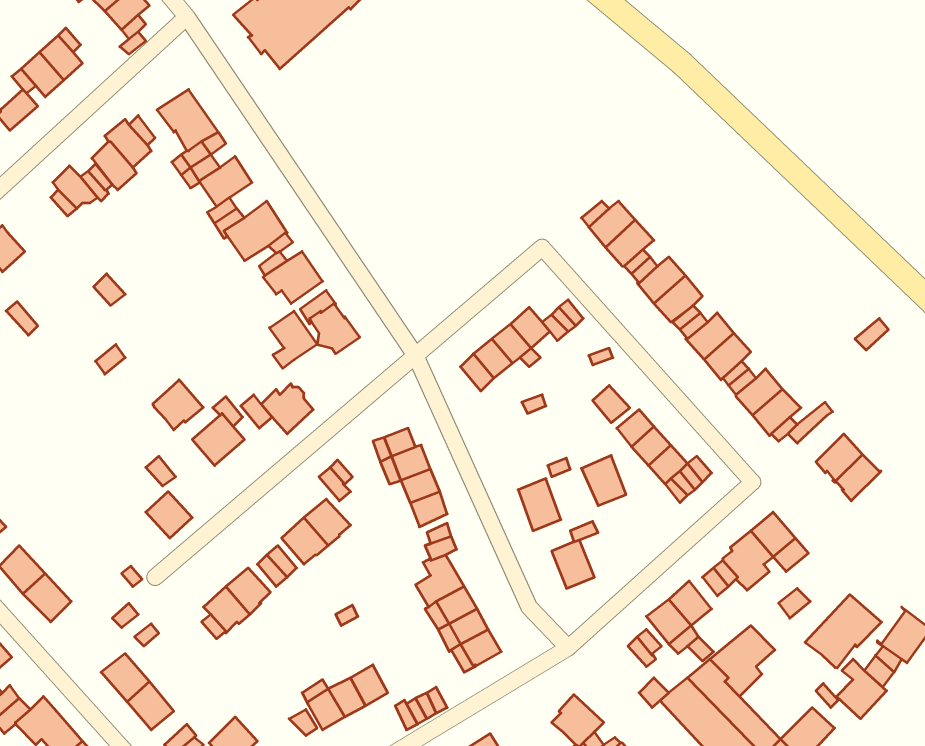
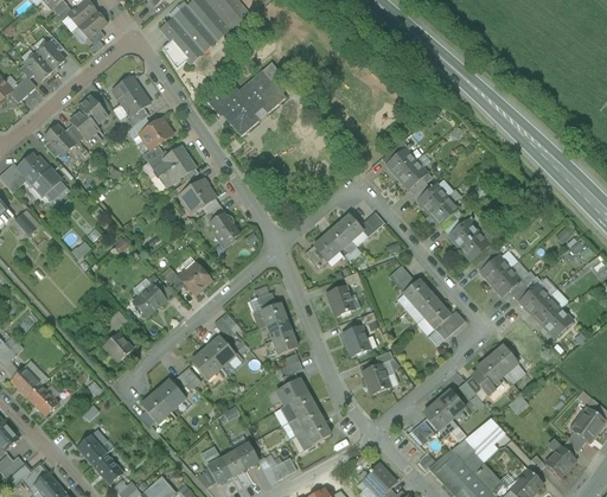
building: none -> [205,70,285,135]
building: none -> [17,153,60,196]
building: [269,311,317,368] -> none
building: [153,380,203,430] -> none
building: none -> [519,278,556,313]
building: [581,455,626,506] -> [325,283,353,316]
building: [805,595,882,668] -> none

